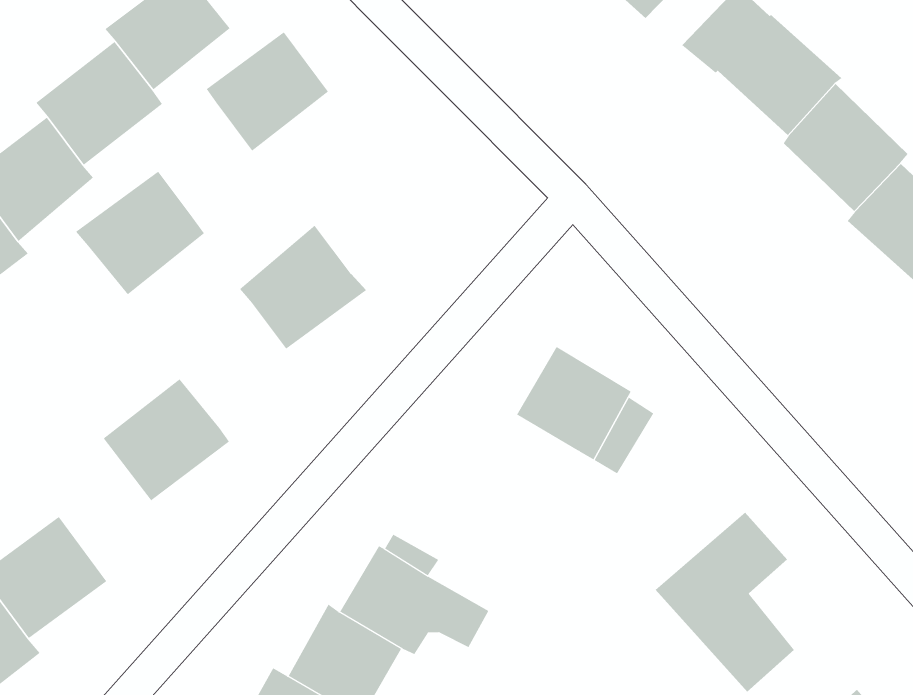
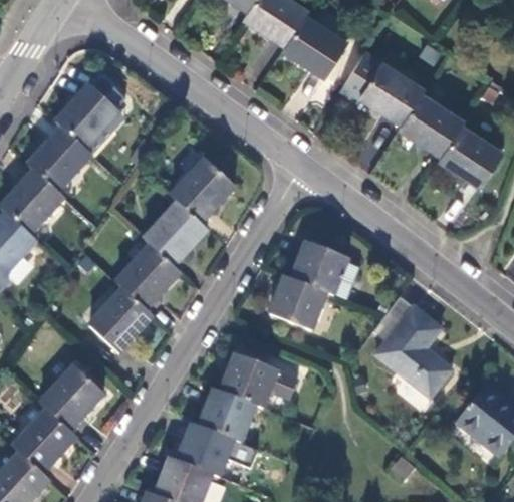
building: [206,31,329,152] -> [169,162,230,224]
building: [75,171,205,295] -> [113,247,178,311]
building: none -> [268,277,324,330]

